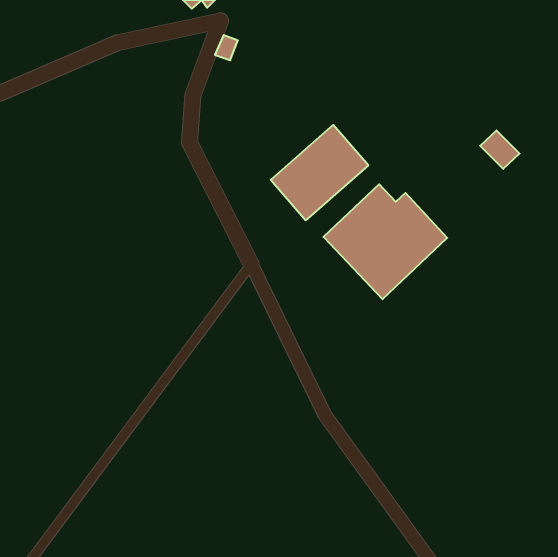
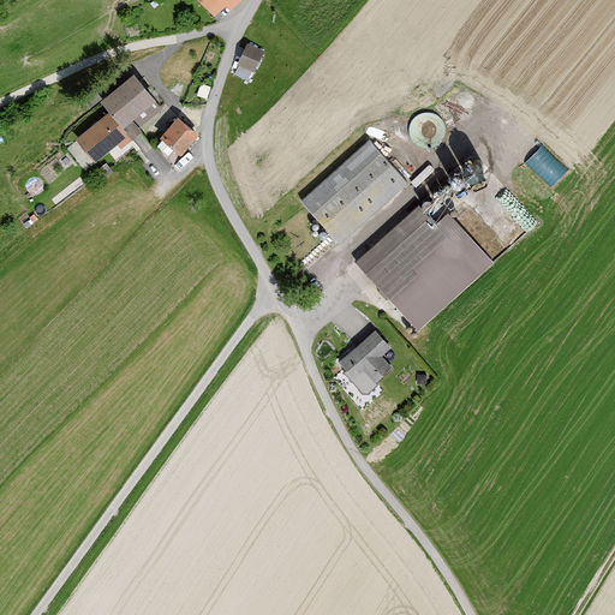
building: none -> [71,72,162,166]
building: none -> [160,118,198,156]
building: none -> [339,330,393,392]

